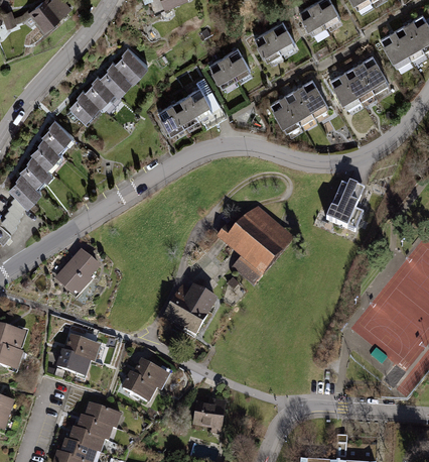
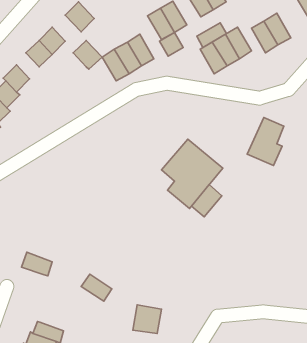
building: [358,51,388,89] -> none
building: [99,63,132,96] -> [73,40,102,69]
building: none -> [197,23,226,48]
building: none -> [160,33,183,56]
building: [54,250,100,298] -> none
building: none -> [191,185,222,217]
building: [162,279,220,336] -> none
building: [54,352,90,378] -> none
building: [119,373,155,406] -> none
building: [85,403,120,428] -> none

